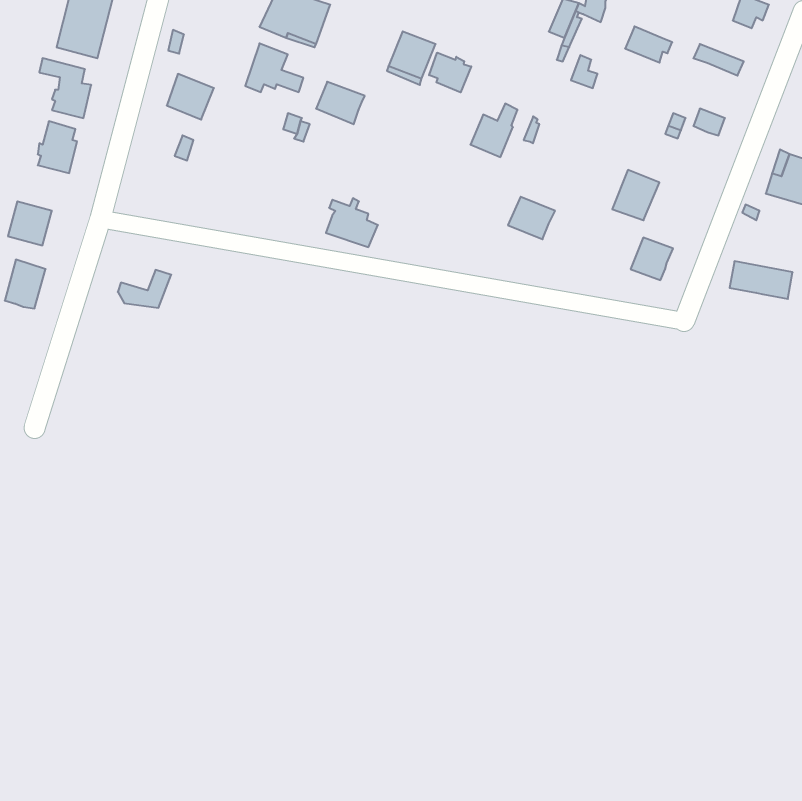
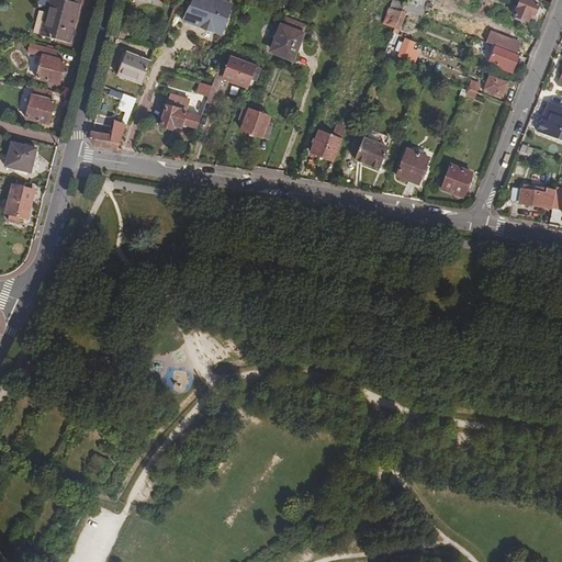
building: [625,26,672,63] -> [488,44,521,69]
building: [245,43,303,92] -> [159,92,200,126]
building: [429,53,471,92] -> none
building: [470,104,518,157] -> [311,123,344,160]
building: [612,170,659,220] -> [397,146,430,181]
building: [326,198,378,247] -> [240,104,277,138]
building: [118,270,171,308] -> [90,121,127,147]

